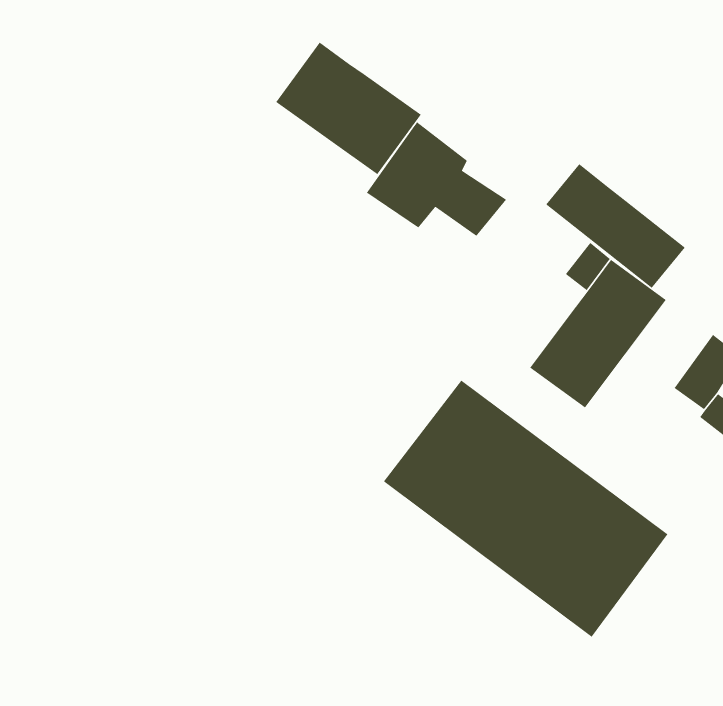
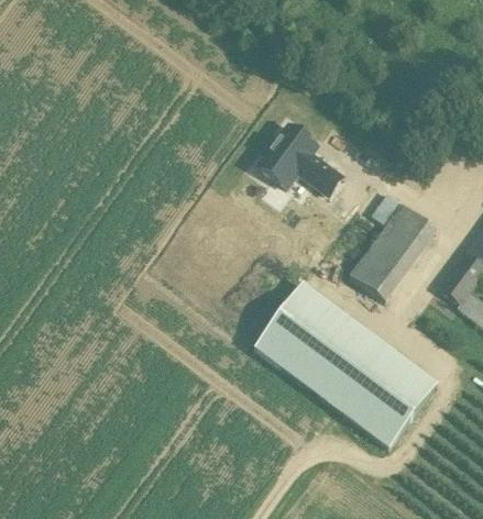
building: [275,42,422,175] -> none
building: [545,163,686,289] -> none

